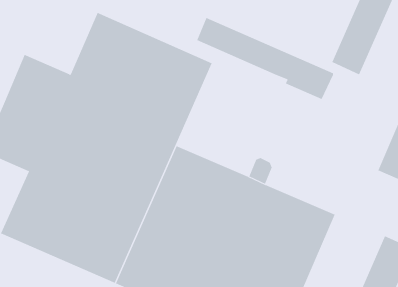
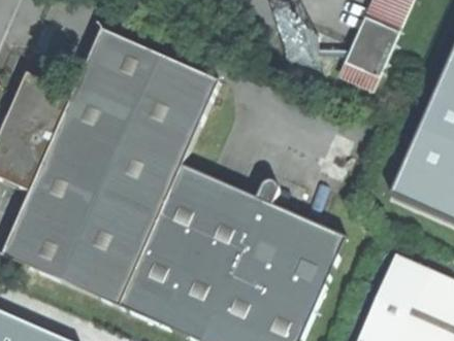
building: [196,17,334,100] -> none

